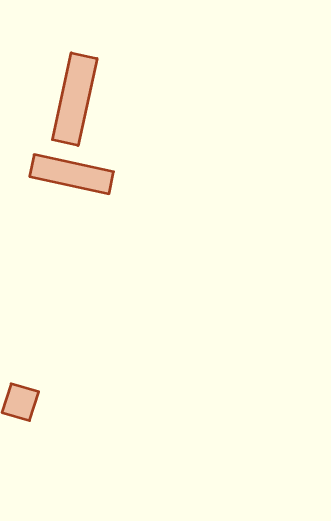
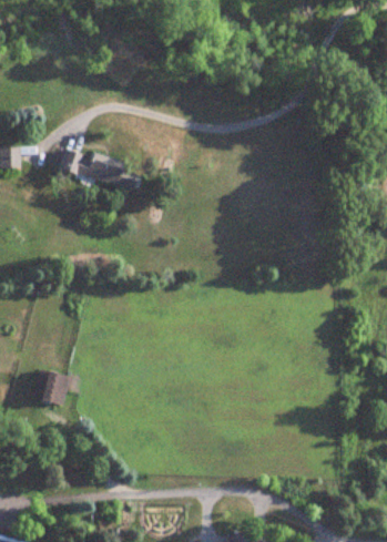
building: [52,53,97,146] -> none

